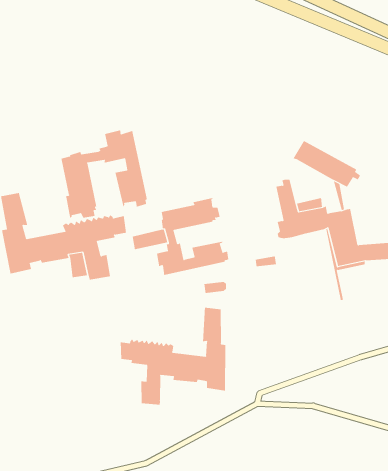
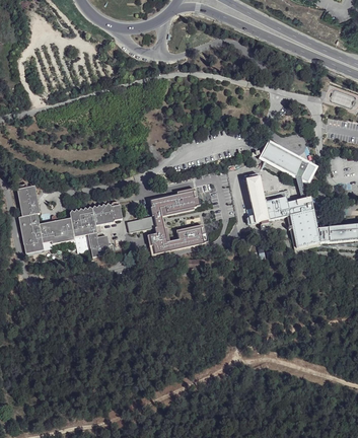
building: [61,129,147,219] -> none
building: [120,307,226,405] -> none

